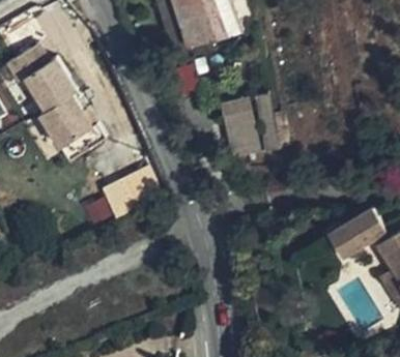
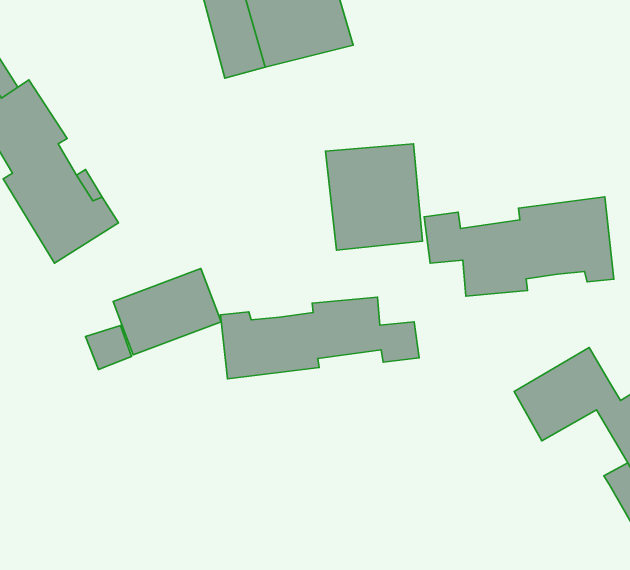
building: none -> [424,197,614,296]
building: none -> [220,297,419,379]

